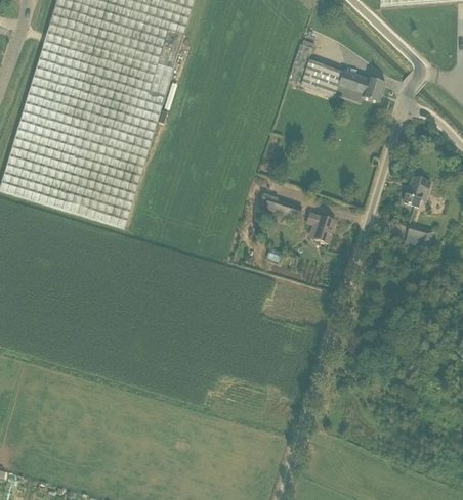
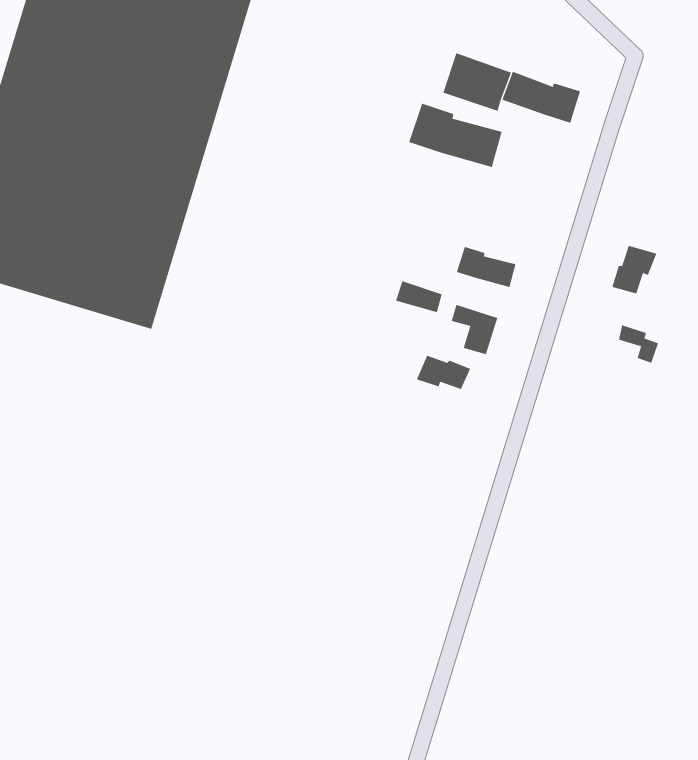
building: none -> [409,103,503,168]
building: none -> [456,246,516,288]
building: none -> [416,355,471,390]

